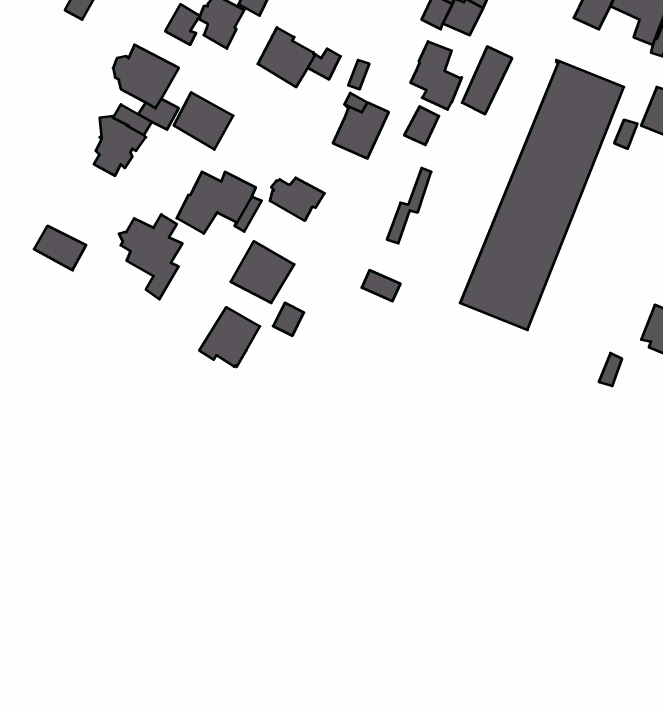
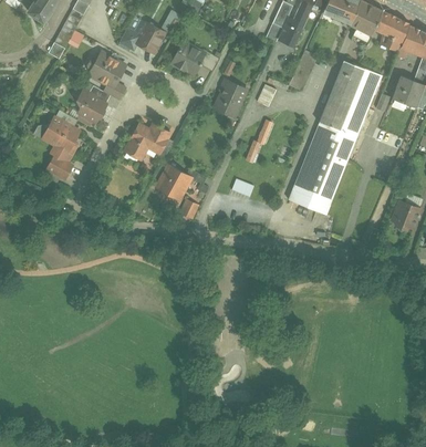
building: [411,41,462,110] -> none
building: [174,92,233,150] -> none
building: [270,178,325,221] -> none
building: [119,214,182,299] -> [43,114,80,163]
building: [199,307,260,367] -> none

